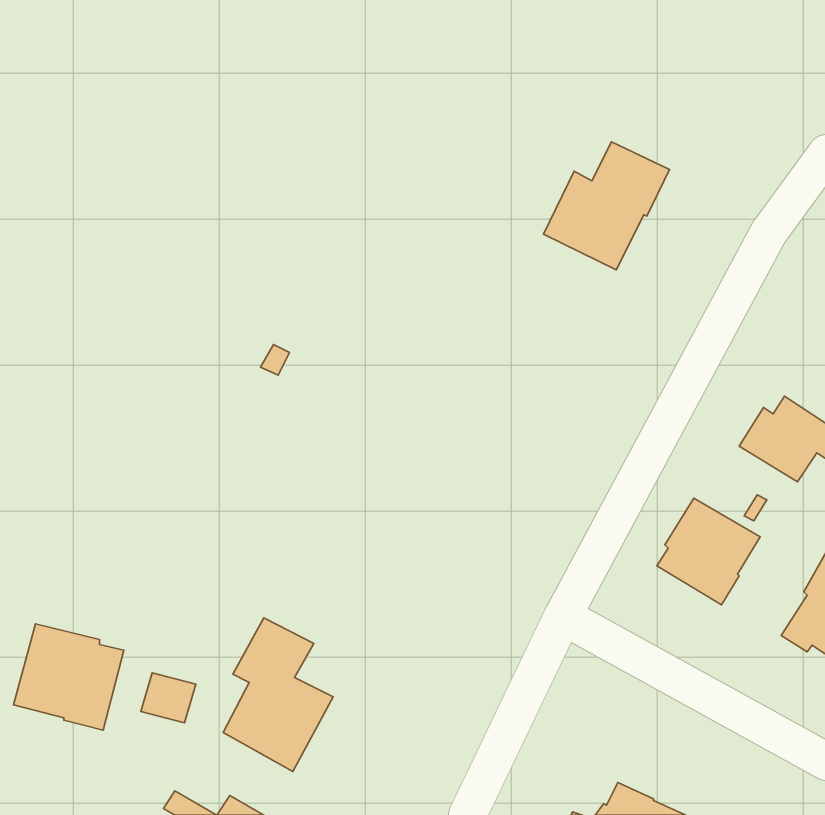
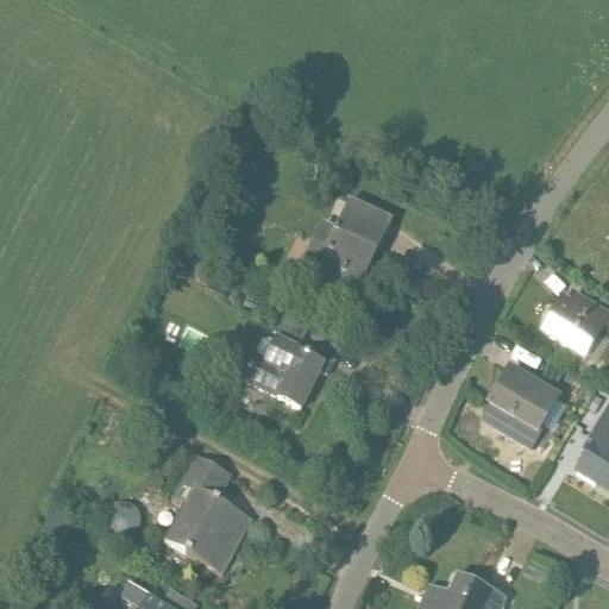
building: [543,142,670,270] -> [301,196,394,290]
building: none -> [244,301,324,406]
building: [13,624,124,730] -> none

